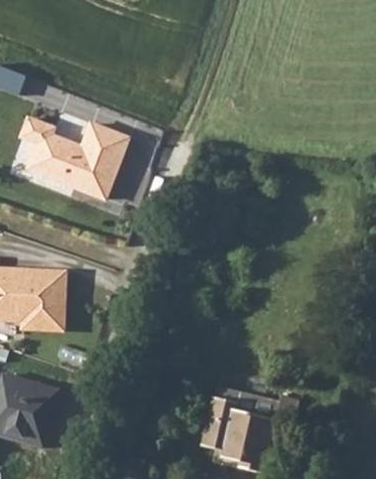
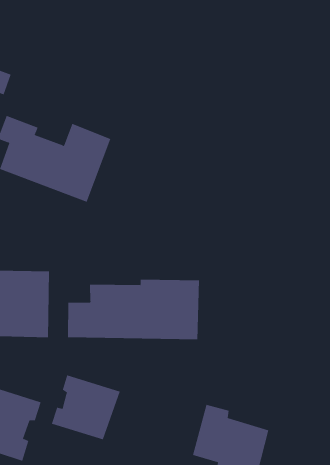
building: none -> [67,279,199,340]
building: none -> [51,374,120,440]

